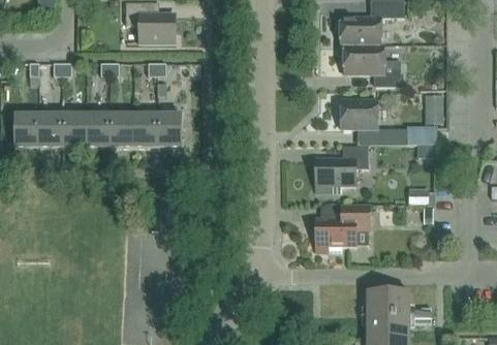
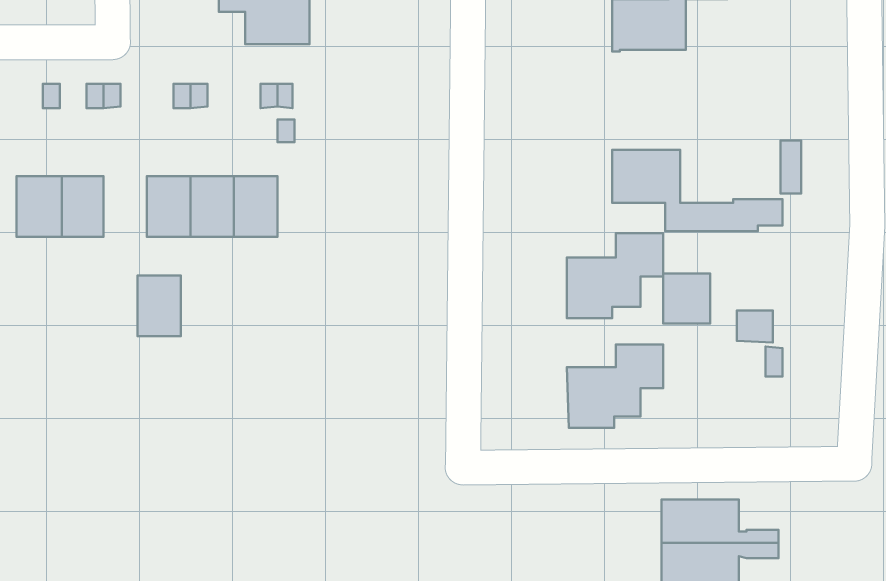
building: [344,44,402,86] -> none
building: [62,114,86,147] -> [137,276,181,336]
building: [157,114,181,147] -> none
building: none -> [663,273,710,324]

